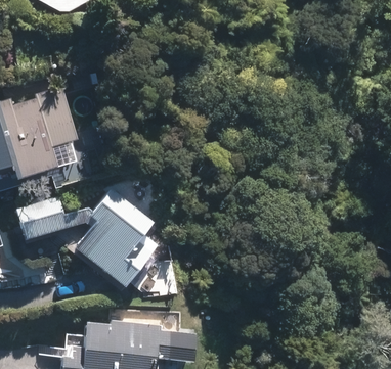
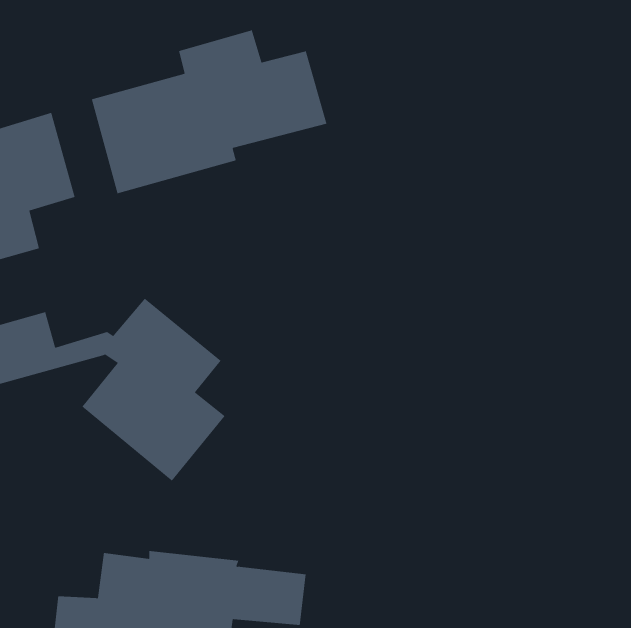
building: none -> [91,30,327,194]

